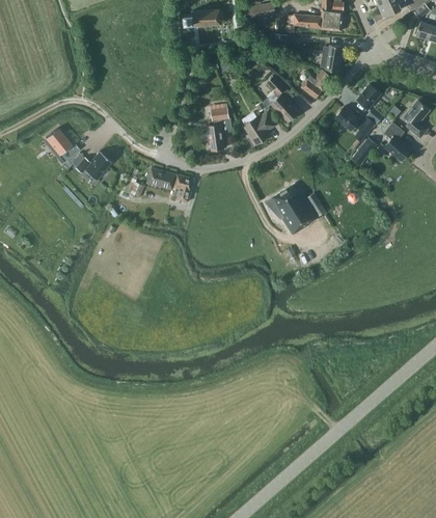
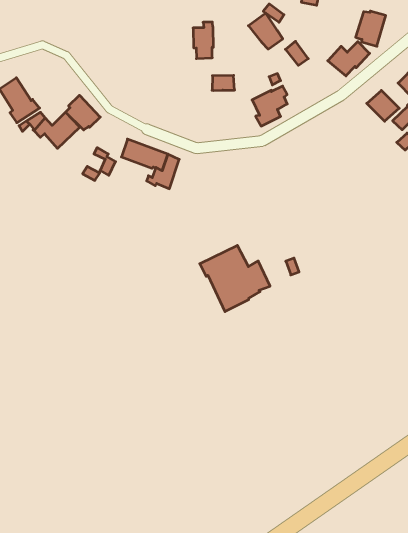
building: [270,92,298,120] -> [248,13,283,49]
building: [206,119,223,149] -> [193,22,213,59]
building: none -> [66,95,100,130]
building: [267,182,324,235] -> [200,245,270,312]

